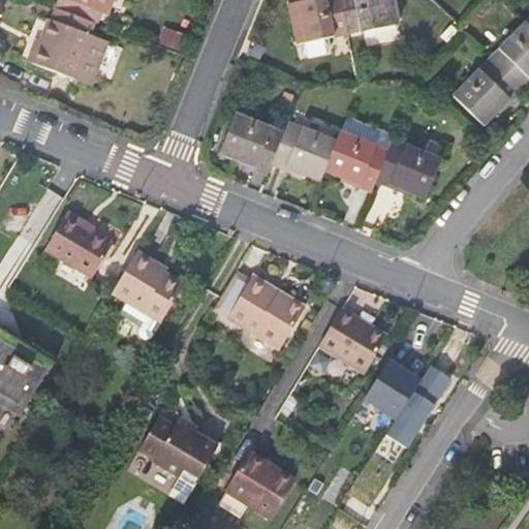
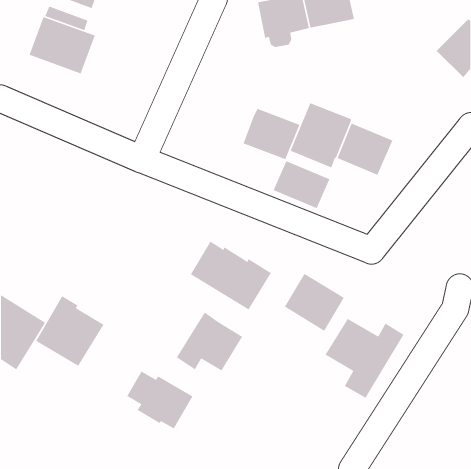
building: [453,57,520,124] -> none
building: [220,112,283,172] -> none
building: none -> [273,160,330,209]
building: [45,211,112,276] -> none
building: [105,251,183,332] -> [35,295,104,367]
building: [218,450,293,518] -> [176,312,243,371]

